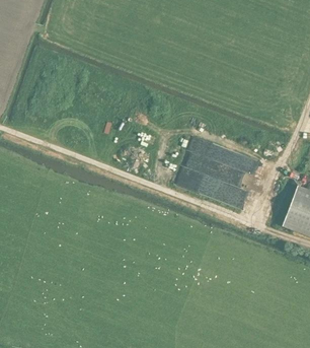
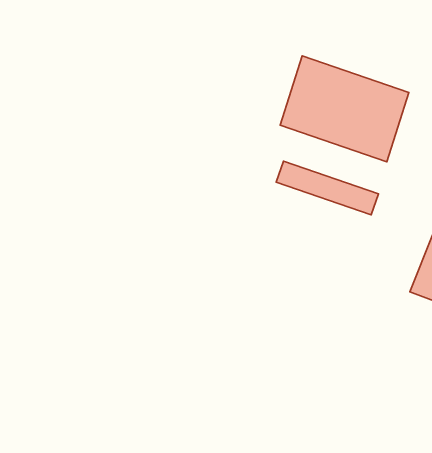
building: none -> [280,56,409,162]

